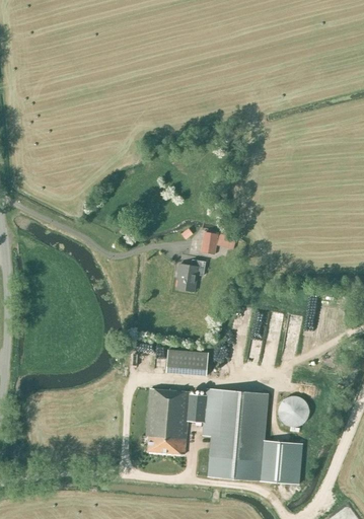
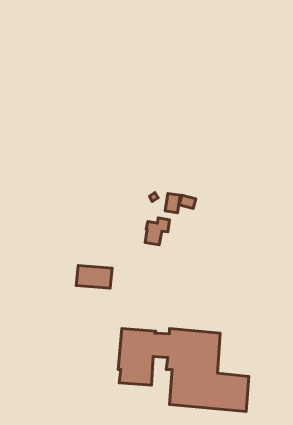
building: [166,349,208,375] -> [76,266,112,288]
building: [278,395,308,427] -> none

